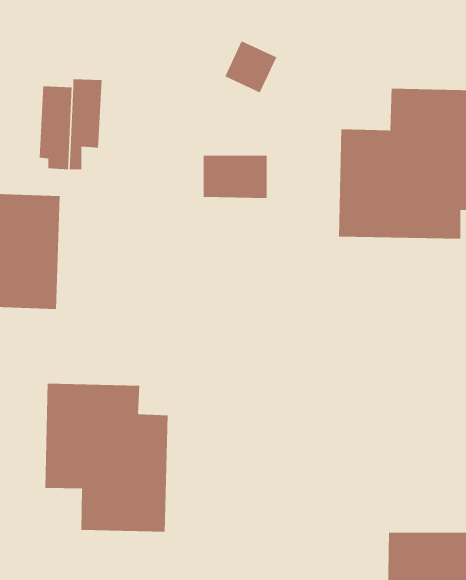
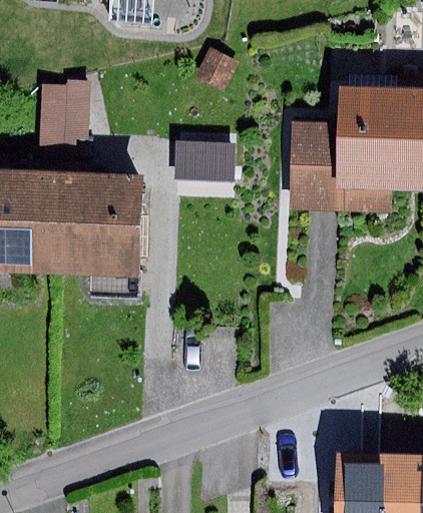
building: none -> [56,176,140,297]
building: [45,383,168,532] -> none

